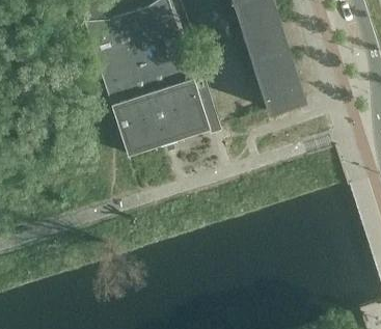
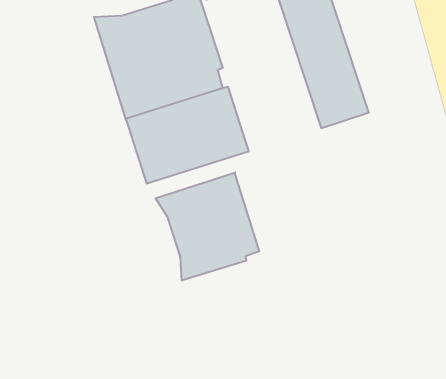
building: none -> [155,172,259,281]

